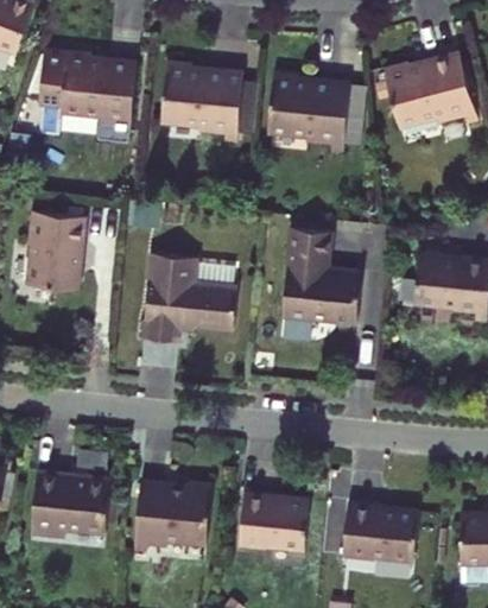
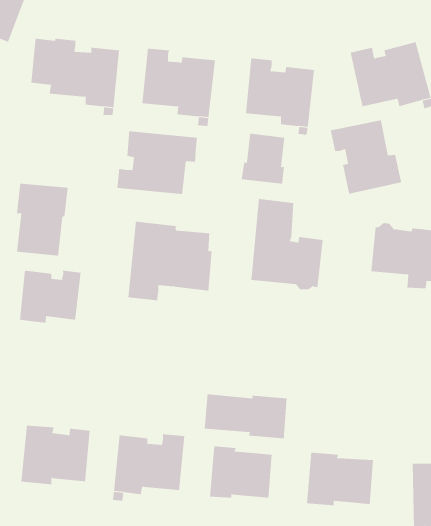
building: none -> [330,120,402,194]
building: none -> [117,130,197,195]
building: none -> [241,133,285,184]
building: none -> [19,270,81,323]
building: none -> [204,393,287,439]

